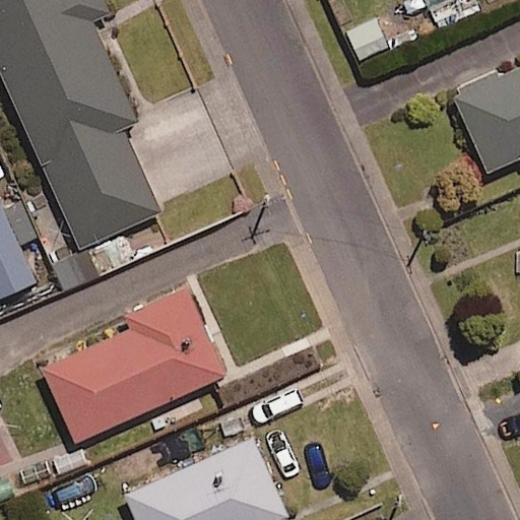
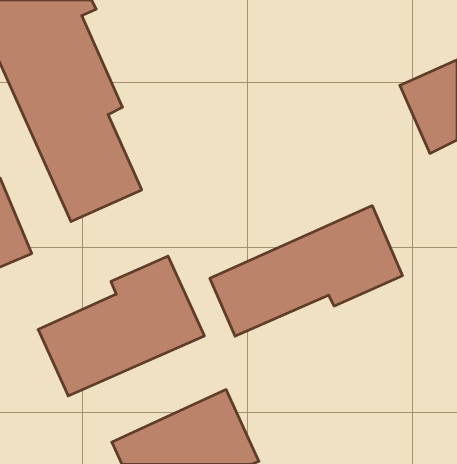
building: none -> [210,206,402,336]

